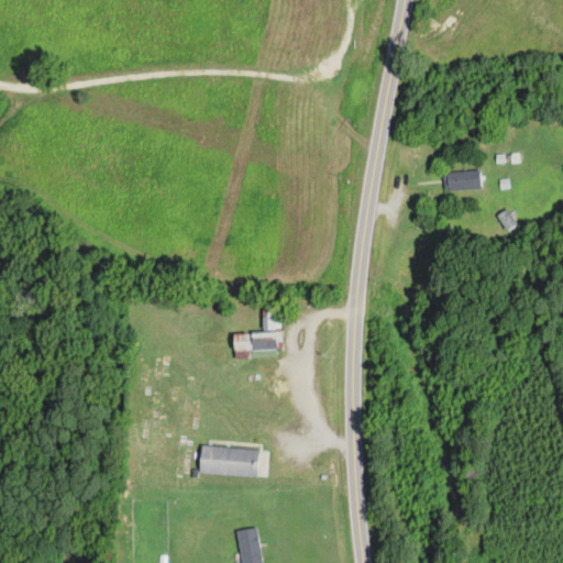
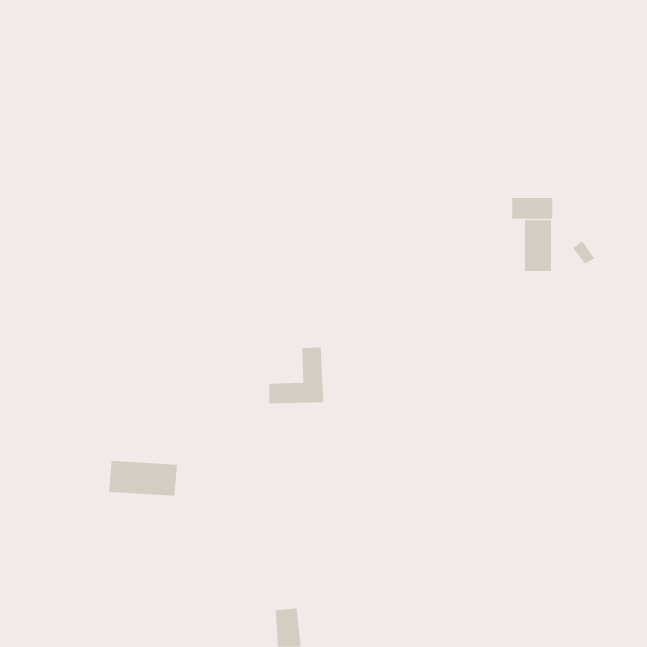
building: none -> [525,219,552,272]
building: [199,445,260,476] -> [108,461,178,496]

